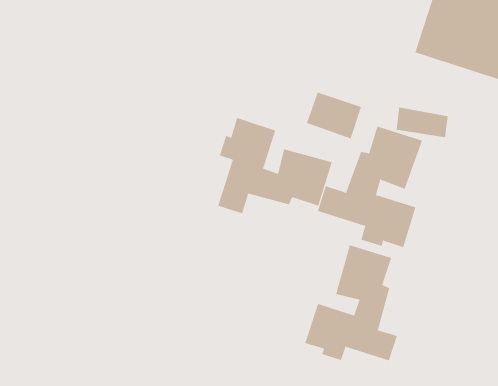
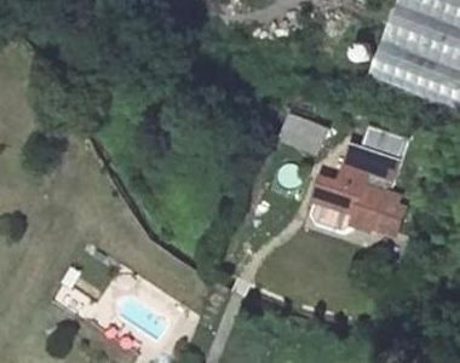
building: [218,117,332,214] -> none
building: [305,245,397,361] -> none

